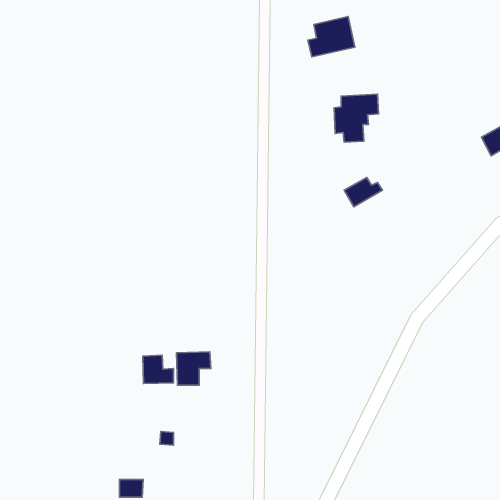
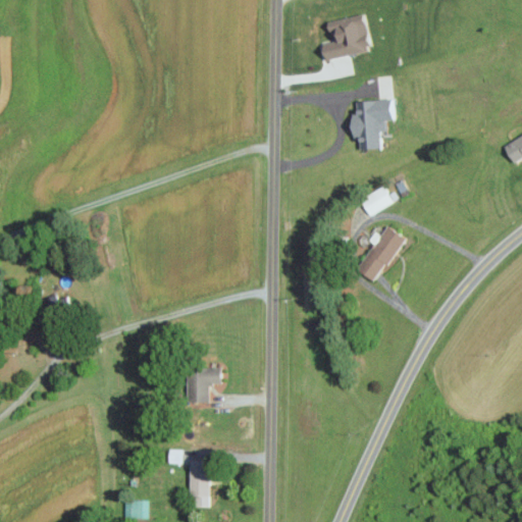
building: none -> [356,225,404,282]
building: [143,355,174,384] -> none
building: none -> [190,460,210,508]

